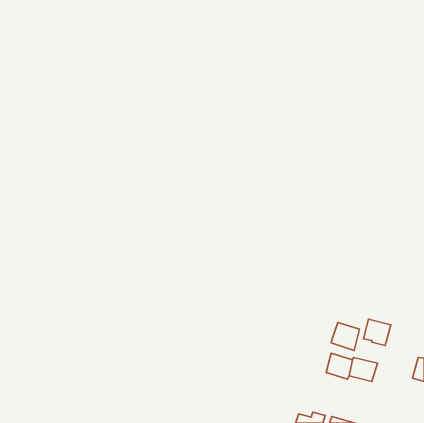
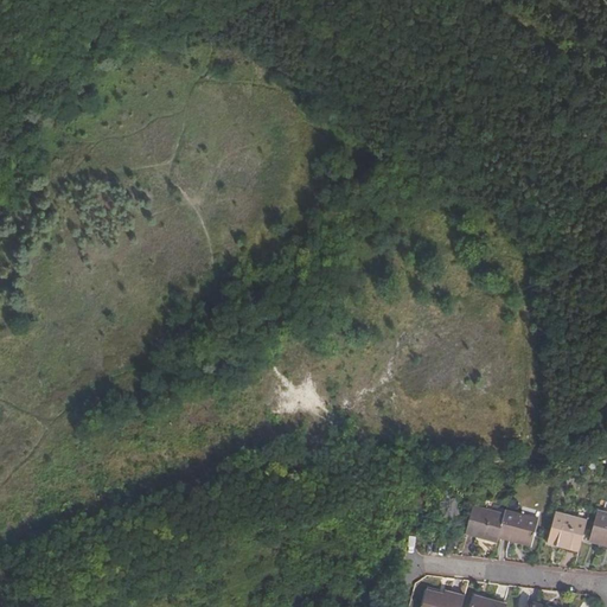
building: [363,319,391,346] -> [549,512,588,550]
building: [331,322,360,350] -> none

